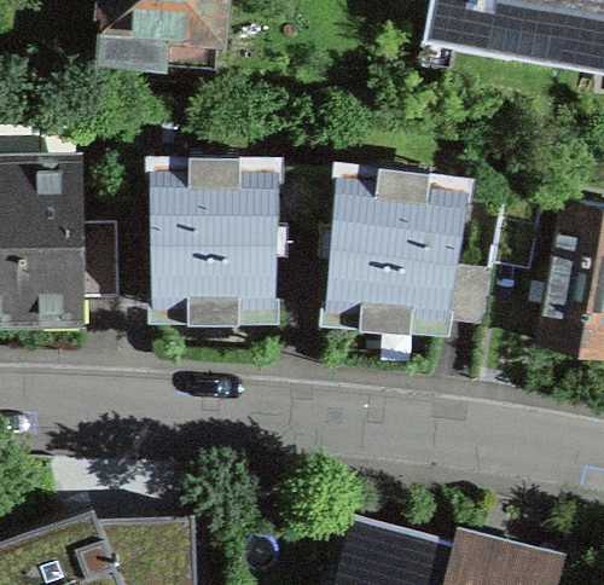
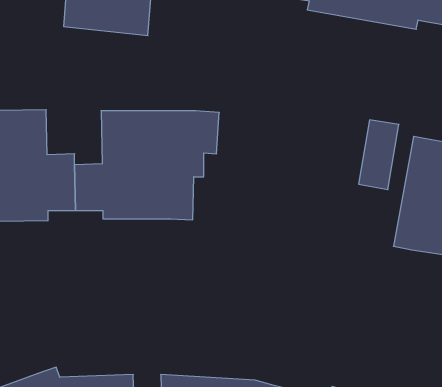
building: [304,170,490,329] -> none

